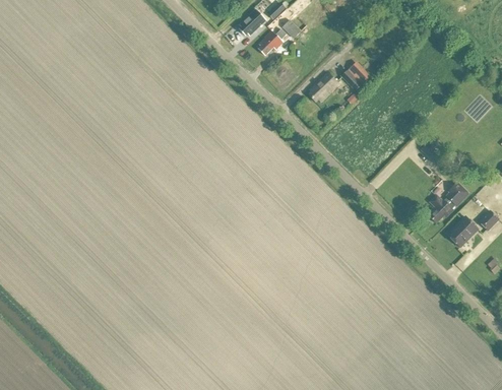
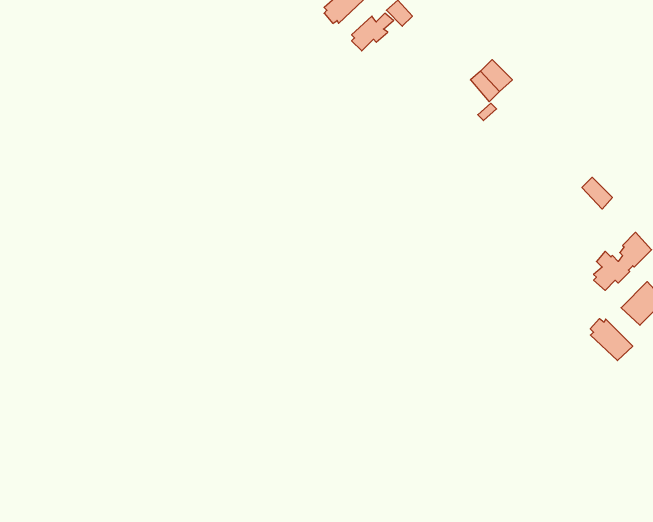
building: [308,72,339,102] -> none
building: none -> [590,319,633,361]

